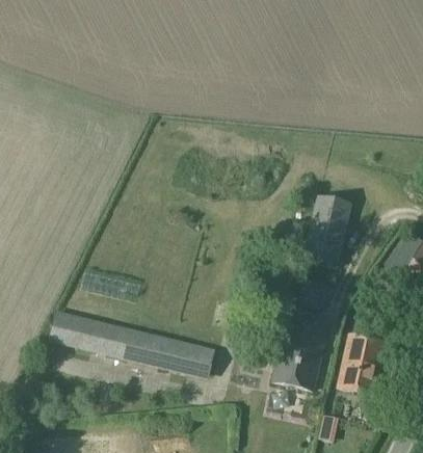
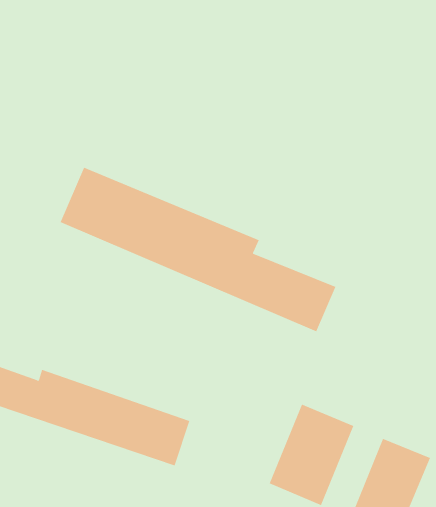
building: none -> [60,167,336,332]
building: [305,193,351,262] -> none

